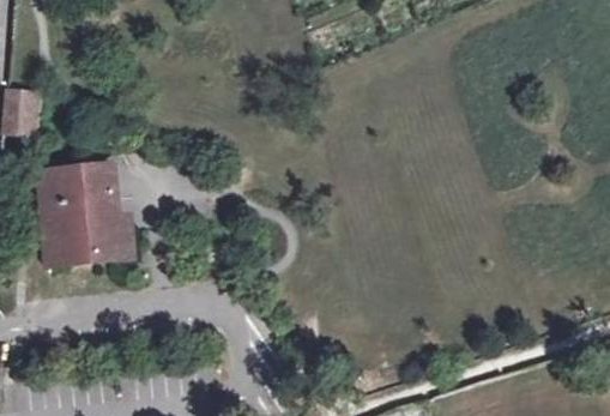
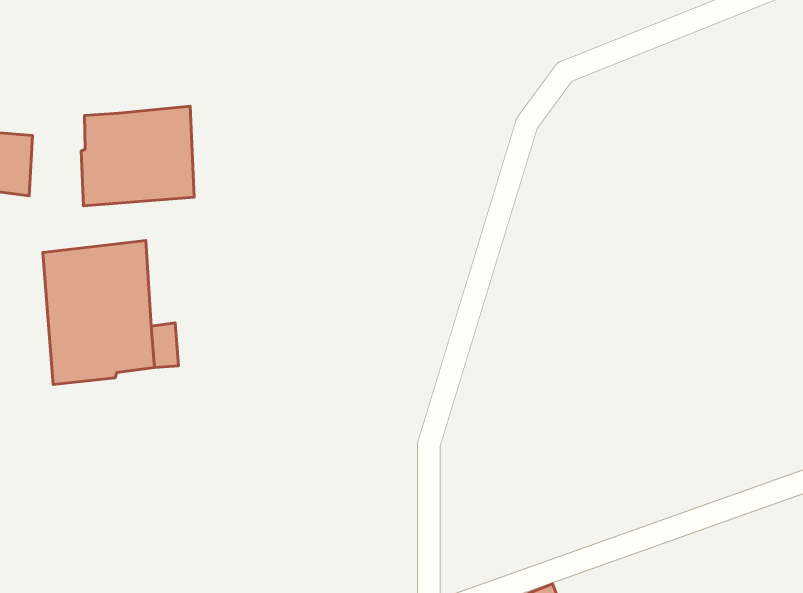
building: none -> [81,106,194,206]

